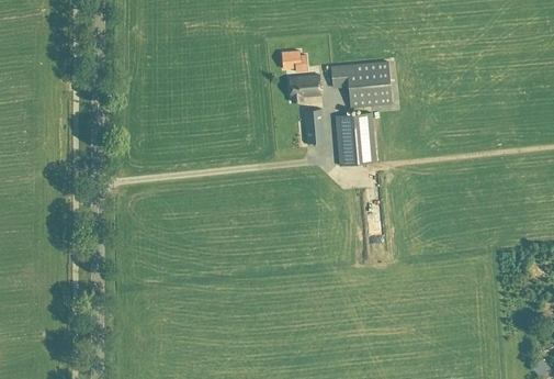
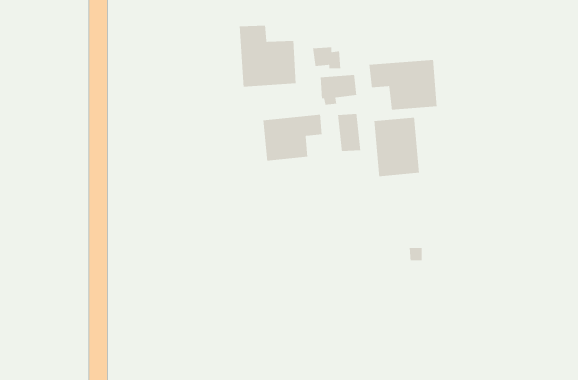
building: none -> [239,25,297,87]
building: none -> [262,114,322,161]

